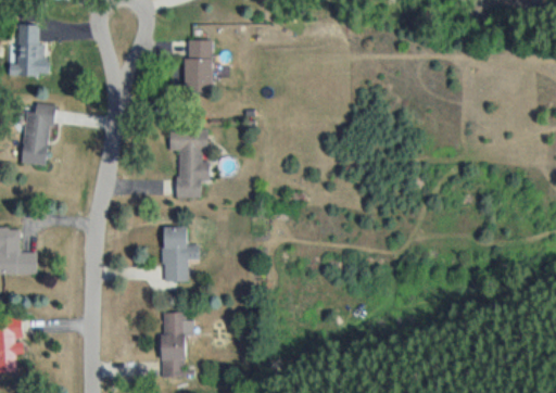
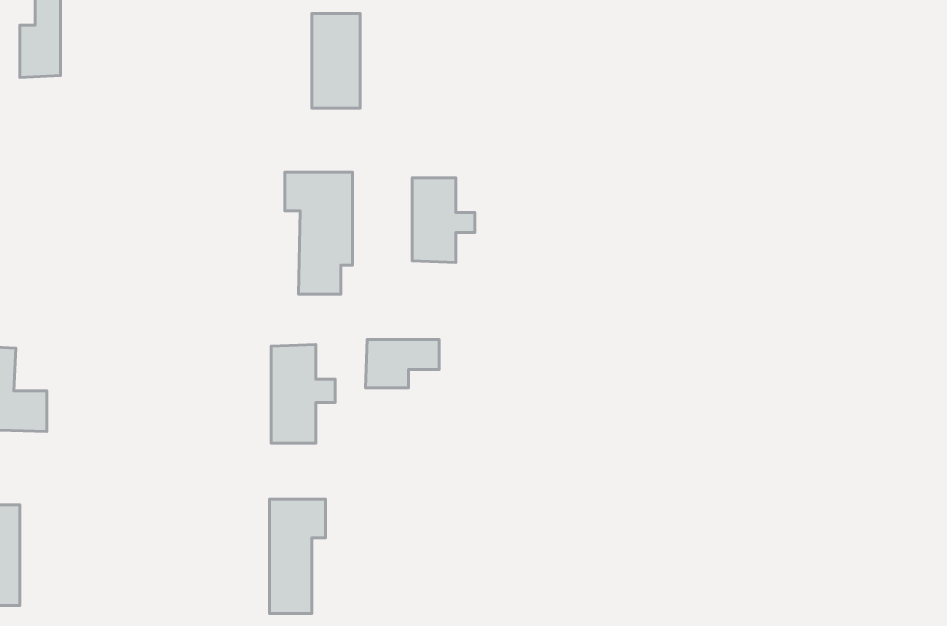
building: [20,103,53,167] -> none
building: none -> [412,178,475,263]
building: none -> [366,339,439,388]

